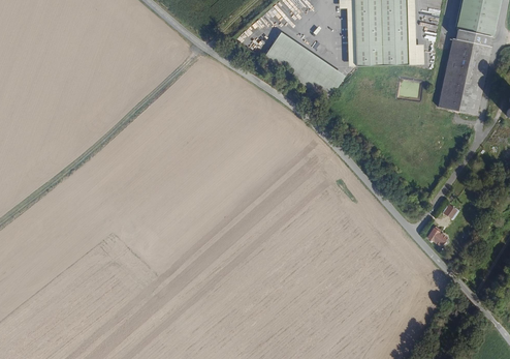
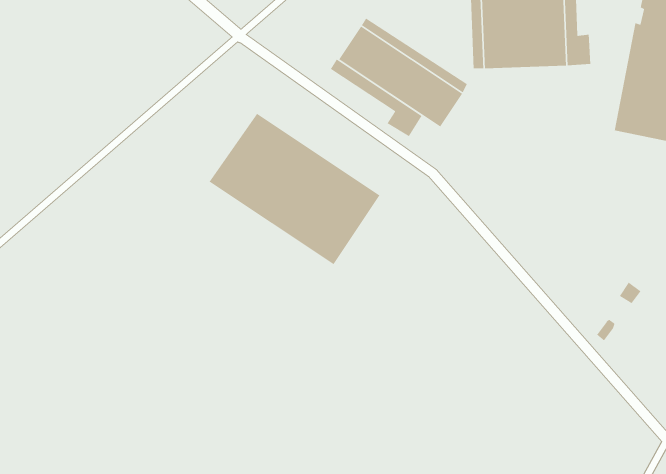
building: none -> [330,58,423,137]
building: none -> [208,113,380,265]

